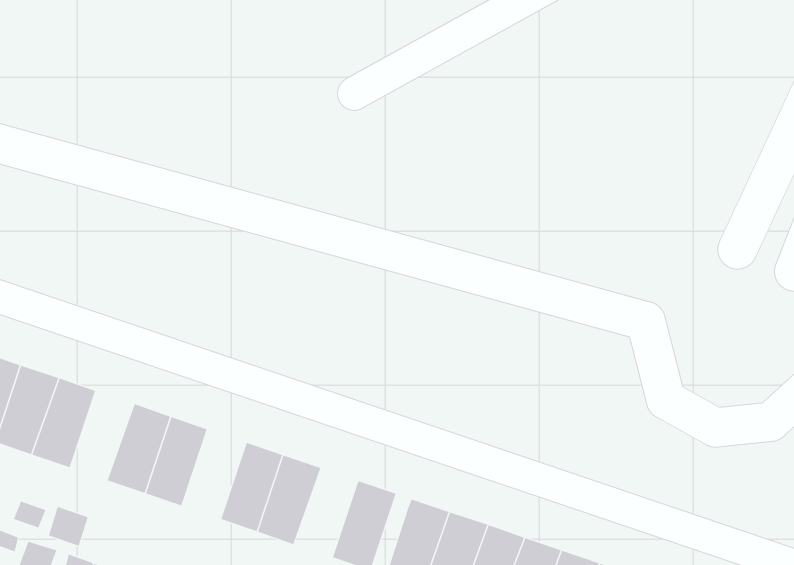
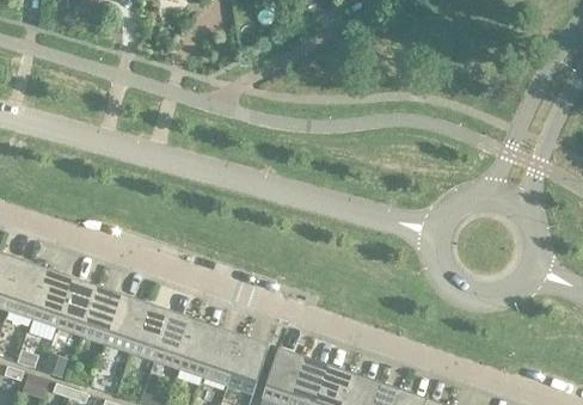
building: none -> [56,277,98,336]
building: none -> [129,302,171,361]
building: none -> [202,327,244,386]

